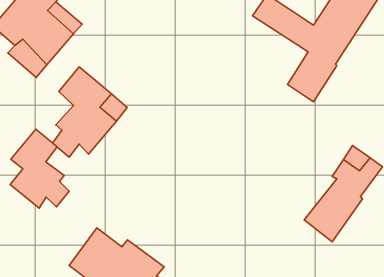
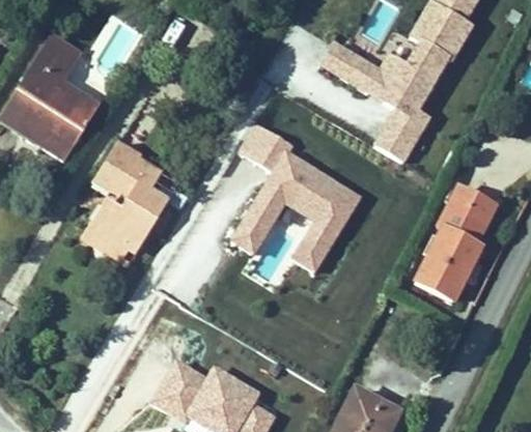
building: none -> [224,121,358,264]
building: [10,129,69,208] -> none

